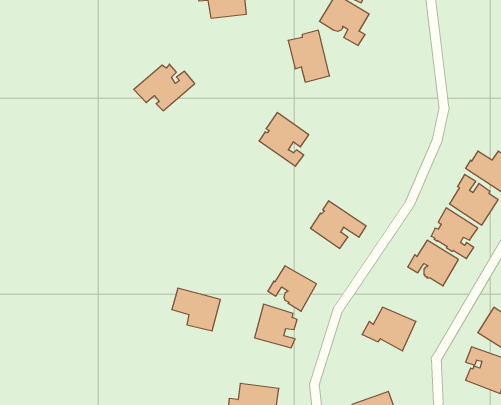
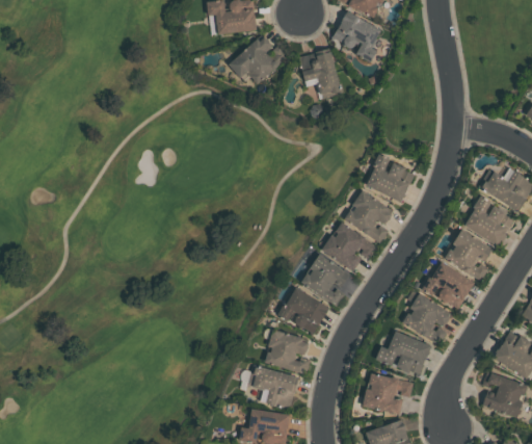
building: [134,64,195,111] -> [229,37,291,85]
building: [259,112,309,166] -> [344,188,395,243]
building: none -> [367,153,413,201]
building: none -> [301,254,349,306]
building: none -> [402,291,452,345]
building: [172,288,220,331] -> [247,363,297,407]
building: none -> [364,371,415,413]

